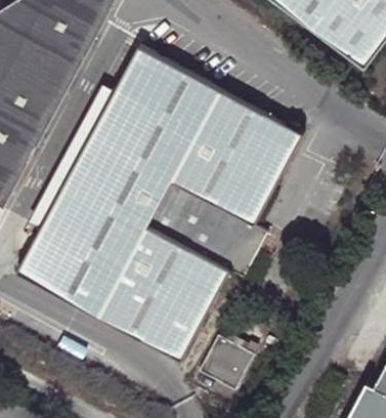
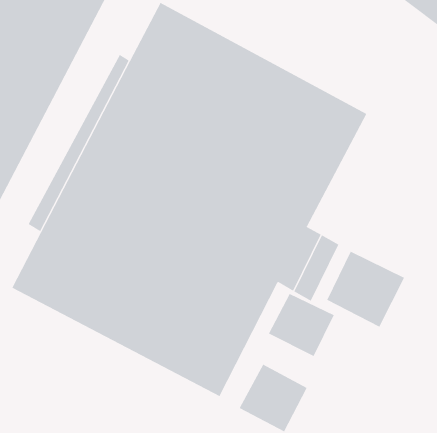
building: none -> [326,251,405,328]
building: none -> [268,293,334,357]

